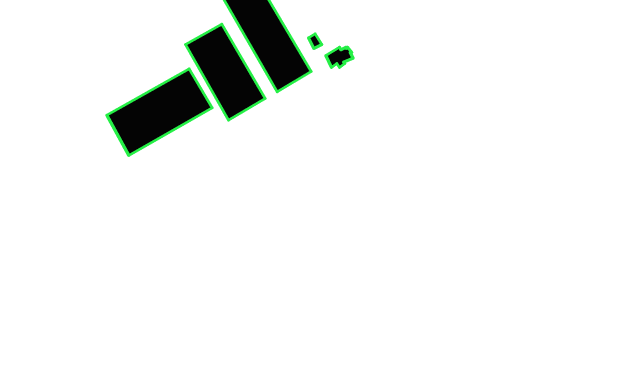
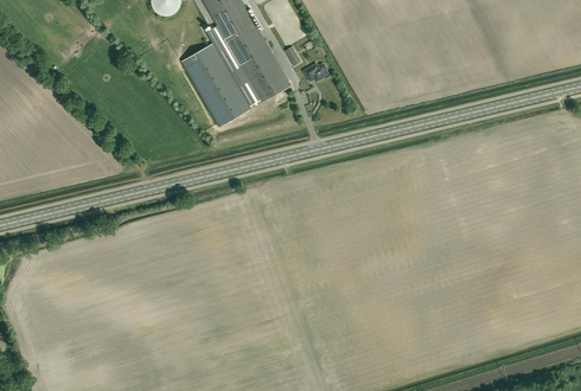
building: [107,69,212,155] -> none

